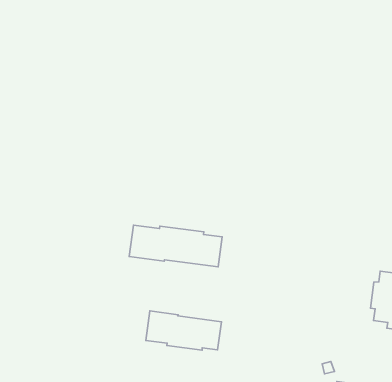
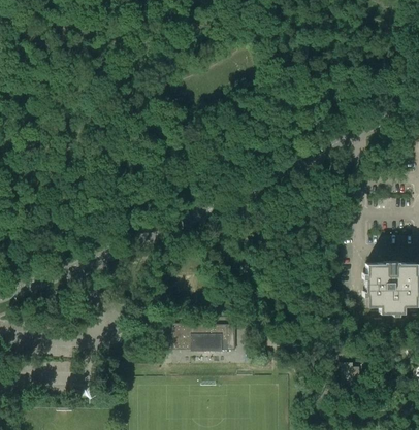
building: [129,225,222,267] -> none

